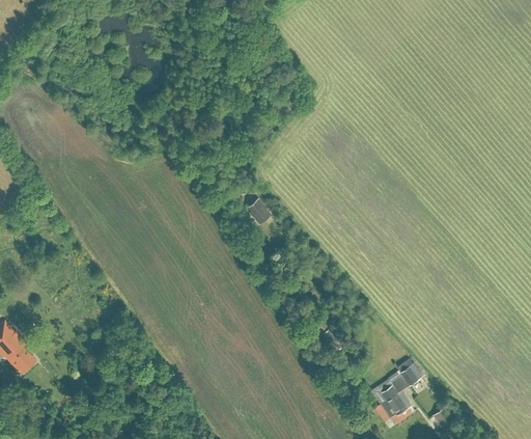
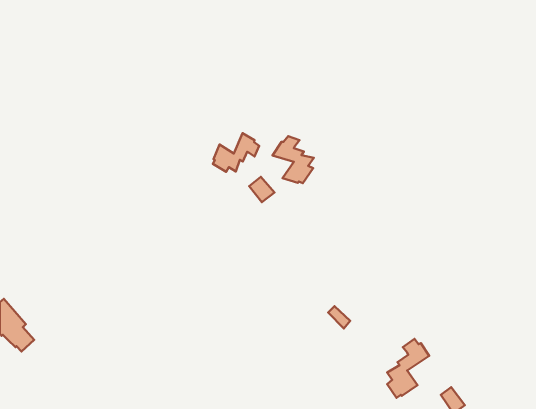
building: none -> [213,133,259,172]
building: none -> [272,136,314,183]

